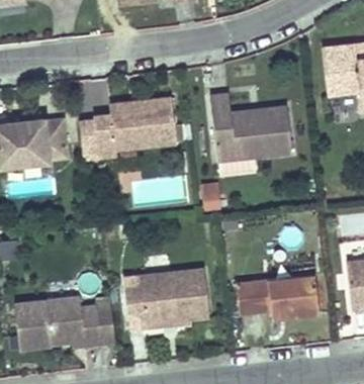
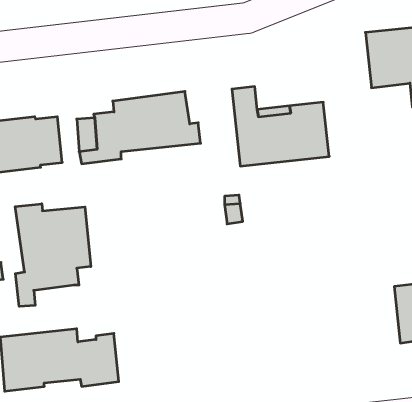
building: none -> [15,204,91,306]
building: [122,270,208,327] -> none
building: [236,275,317,318] -> none

